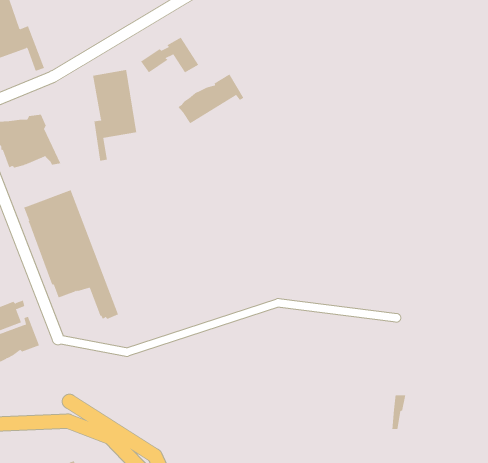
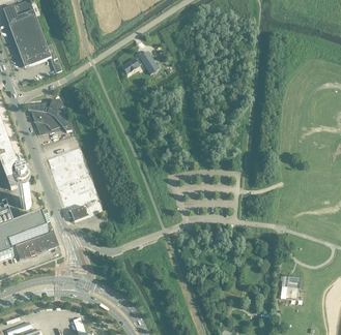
building: [93,69,137,162] -> none
building: [177,73,244,124] -> none

